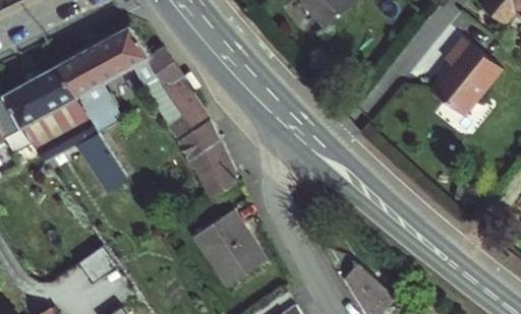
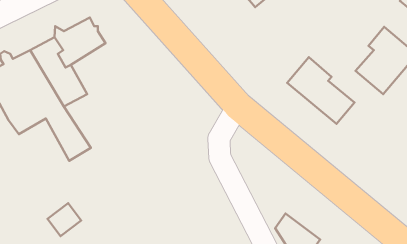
building: [144,53,232,200] -> none
building: none -> [287,57,354,124]
building: [189,211,262,287] -> none

